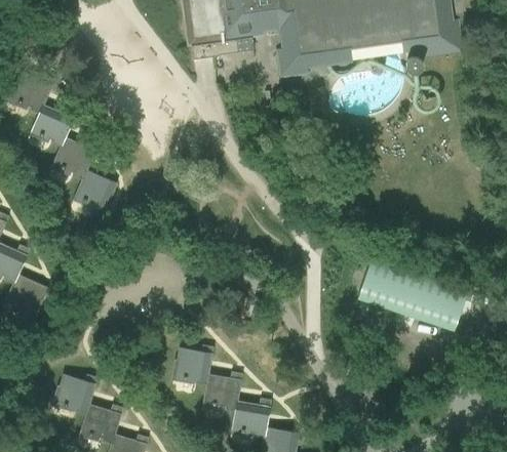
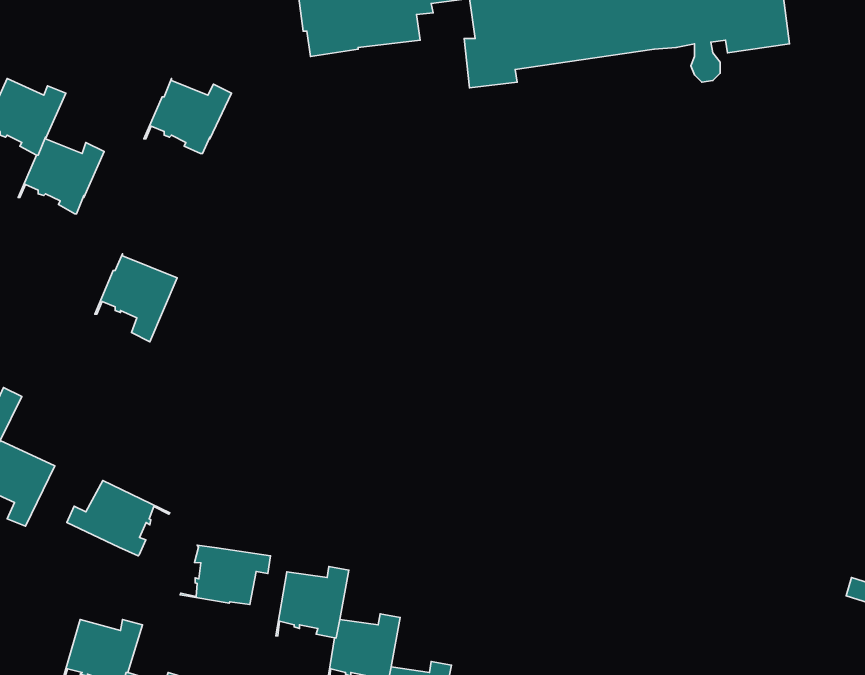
building: [49,137,99,179] -> [144,79,232,154]
building: [357,256,468,331] -> none
building: none -> [67,481,170,556]
building: none -> [180,545,270,605]

